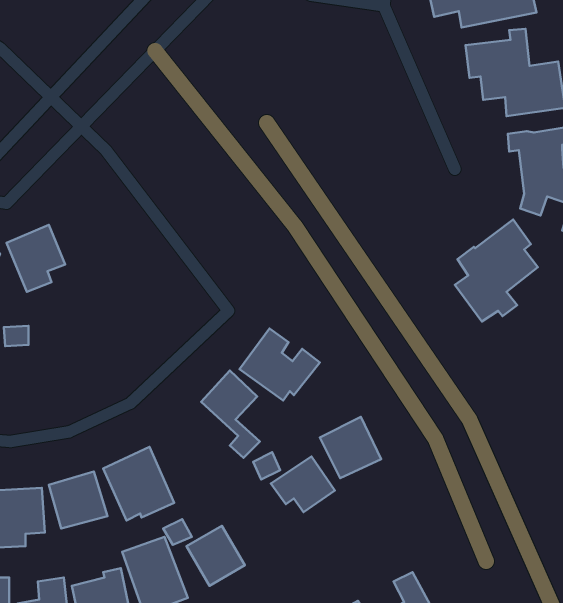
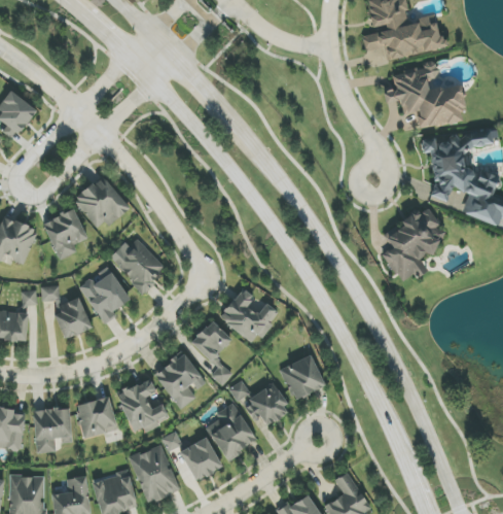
building: none -> [74,175,128,230]
building: none -> [108,239,166,292]
building: none -> [78,267,130,320]
building: none -> [53,297,92,340]
building: none -> [152,351,206,409]
building: none -> [205,403,257,460]

